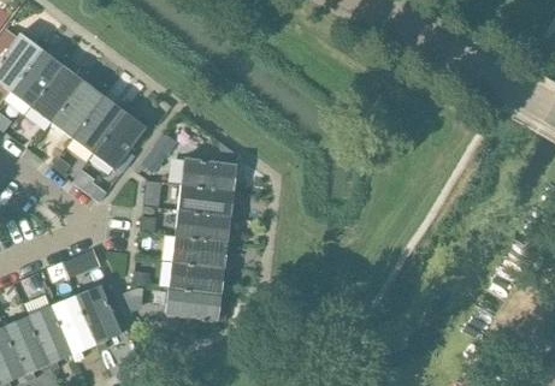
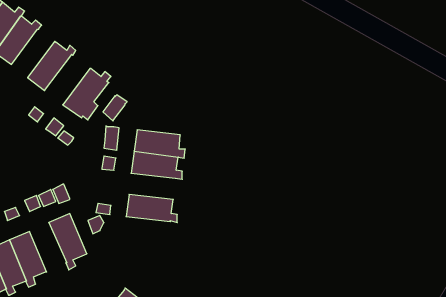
building: [30,64,88,121] -> none
building: [70,94,129,154] -> none
building: [181,156,241,191] -> none
building: [171,236,232,268] -> none
building: [163,287,226,327] -> none
building: [52,295,96,361] -> none

